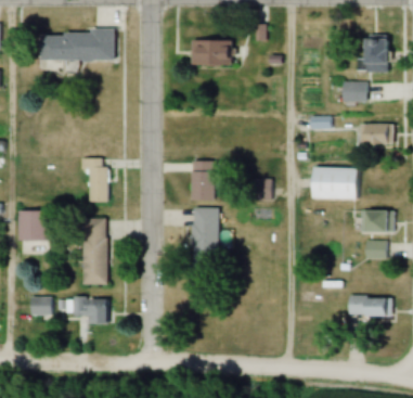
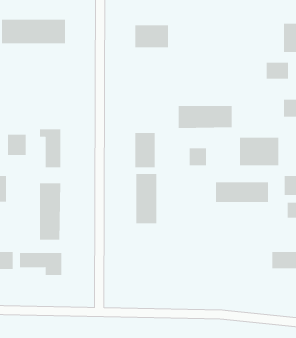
building: none -> [178,105,232,129]
building: none -> [7,134,26,156]
building: none -> [216,181,268,203]

